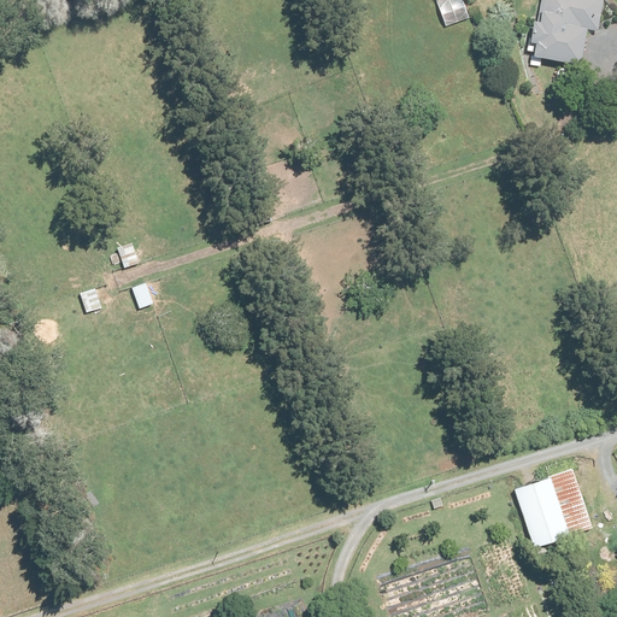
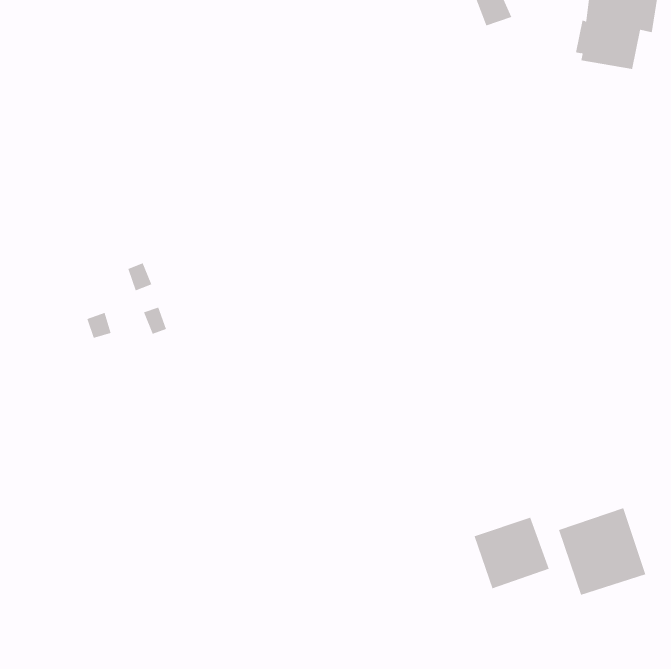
building: none -> [474,517,549,589]

